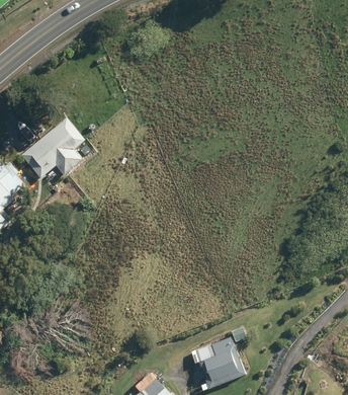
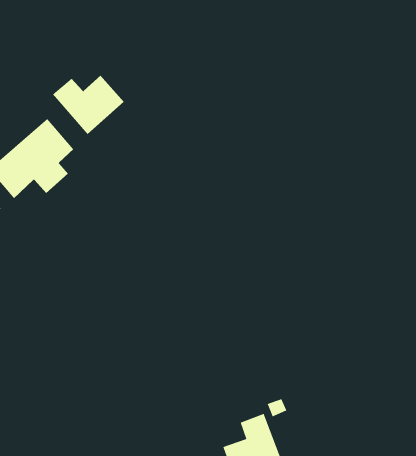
building: none -> [52,75,125,135]

